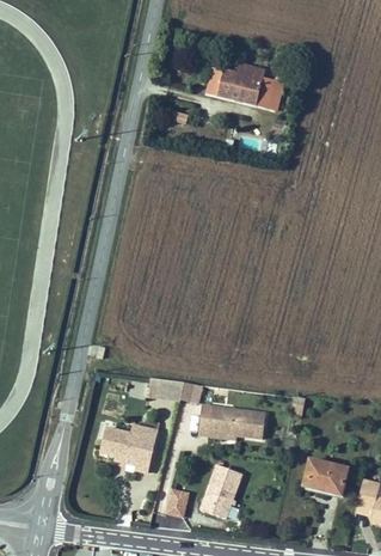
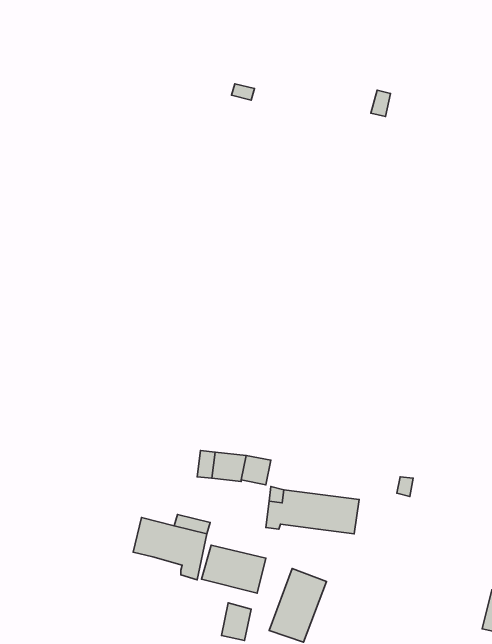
building: [211,62,285,106] -> none
building: none -> [202,545,266,593]
building: [302,459,346,495] -> none

